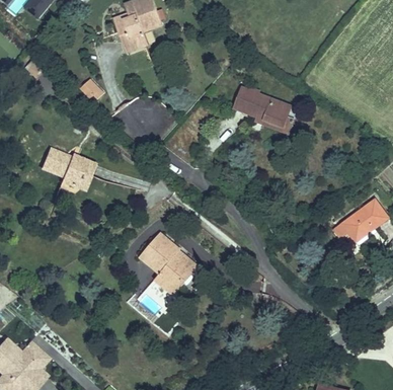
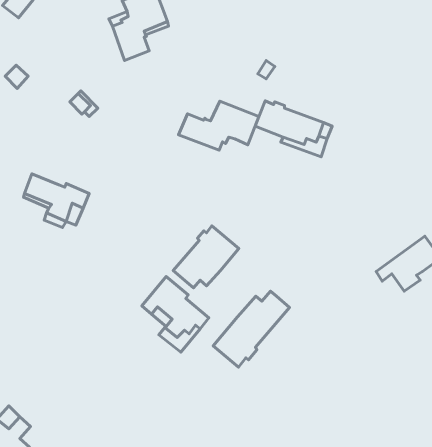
building: none -> [178,101,259,150]
building: none -> [173,226,239,288]
building: none -> [213,291,290,367]

